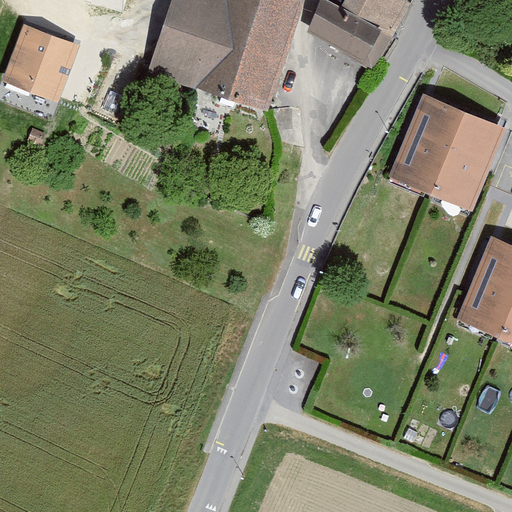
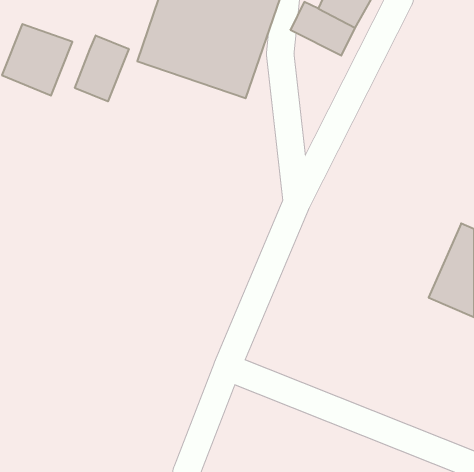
building: none -> [75,35,129,101]
building: [389,94,507,211] -> none

